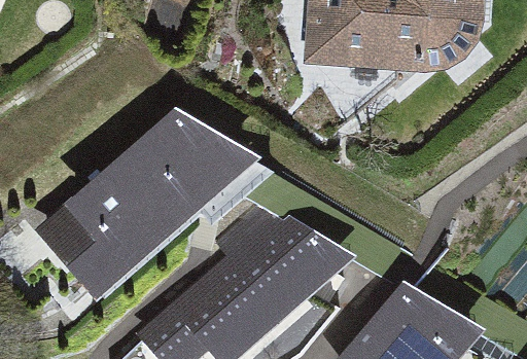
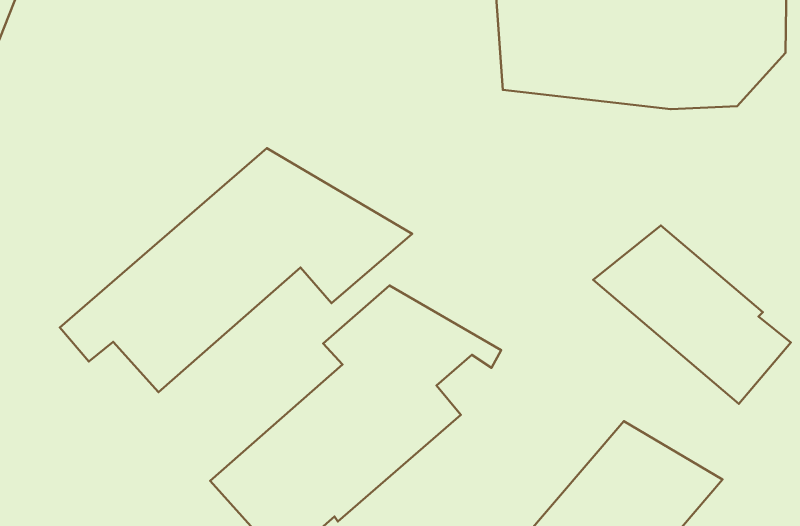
building: none -> [593,225,791,404]

